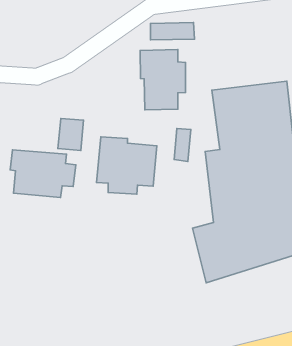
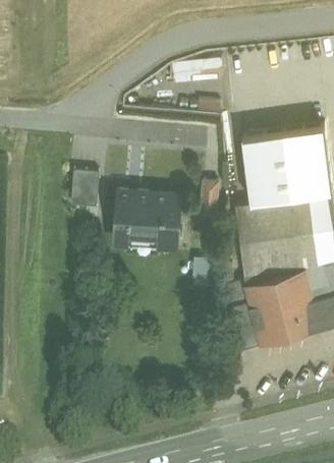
building: [140,49,185,110] -> none
building: [10,150,76,198] -> none

